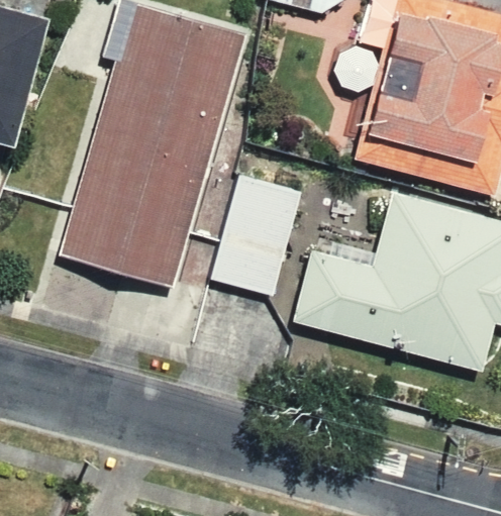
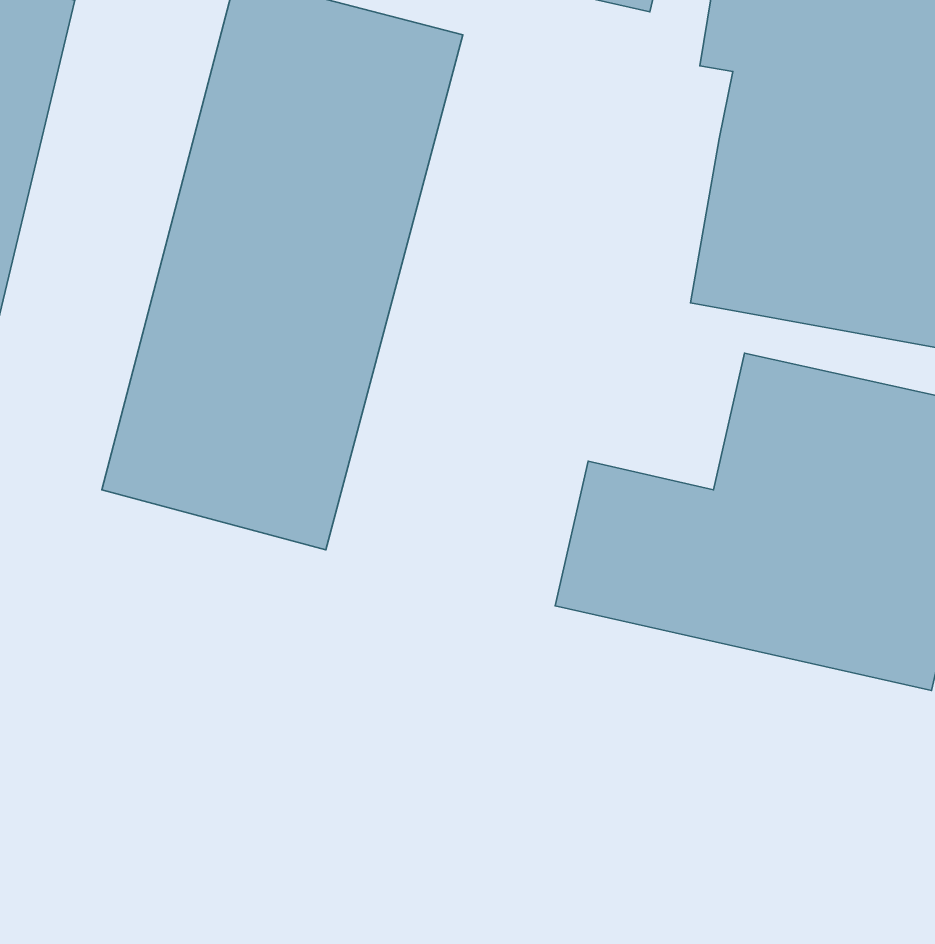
building: [213,167,307,294] -> none

